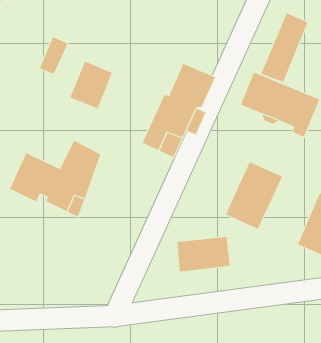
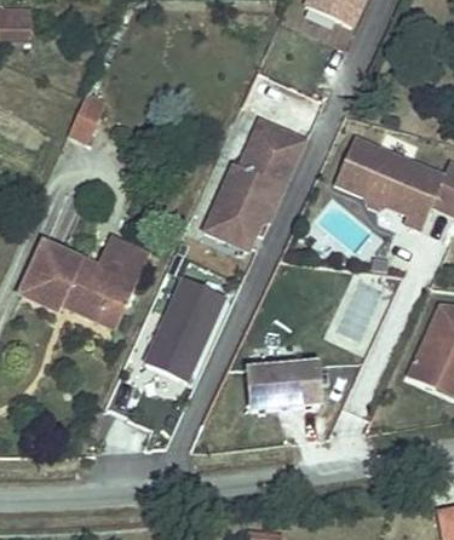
building: [261,13,308,82] -> none
building: [69,61,112,109] -> none
building: none -> [142,275,223,380]

